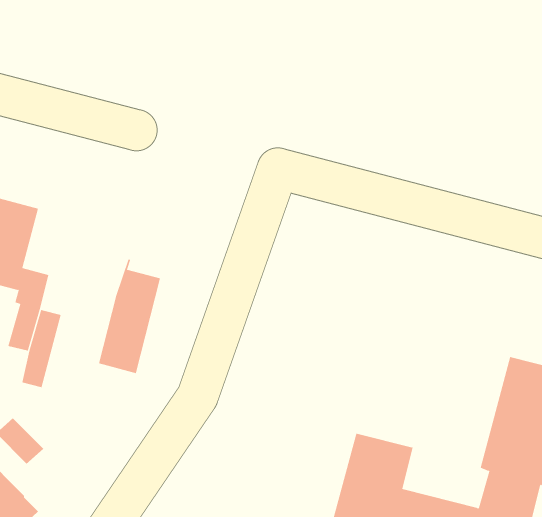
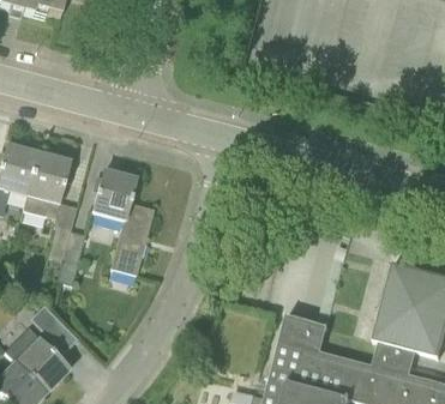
building: none -> [92,169,136,219]

